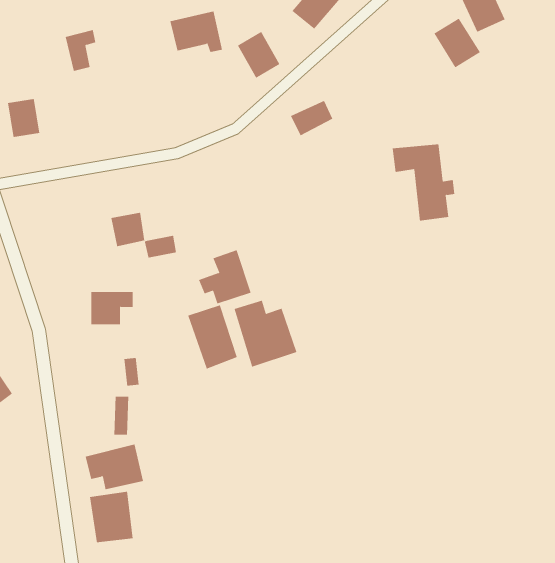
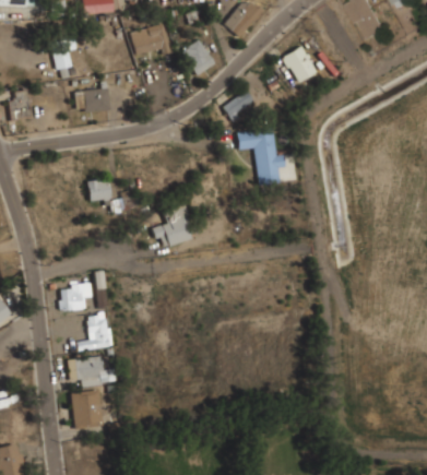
building: [433,18,481,68] -> [282,46,318,84]
building: none -> [75,87,110,112]
building: [392,144,455,221] -> [238,128,286,187]
building: [91,292,134,325] -> [59,285,92,310]
building: [234,300,297,368] -> none
building: [187,304,238,369] -> none

